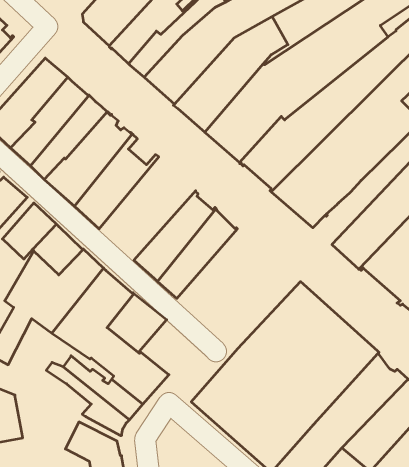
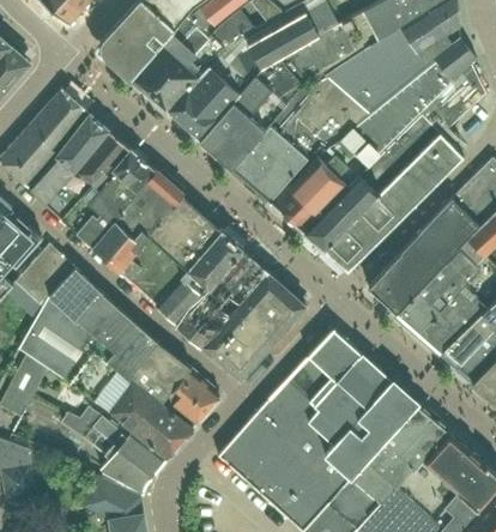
building: none -> [119,195,222,306]
building: none -> [201,272,306,380]
building: none -> [162,369,219,428]

